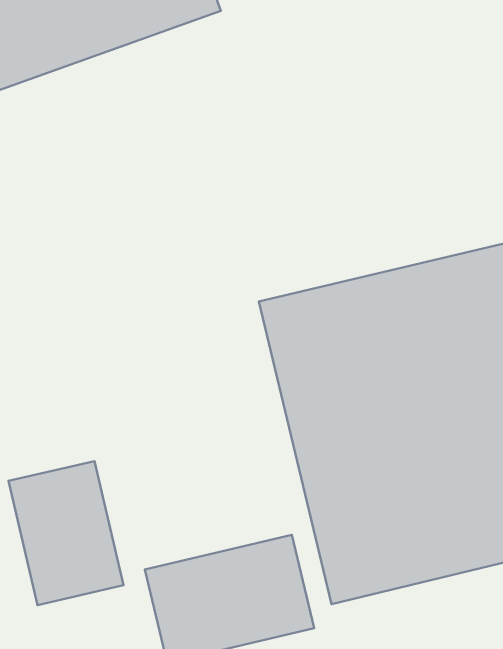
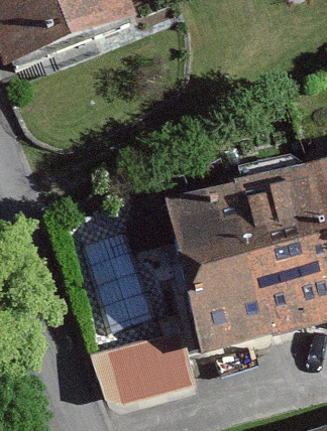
building: [8,461,124,605] -> none

